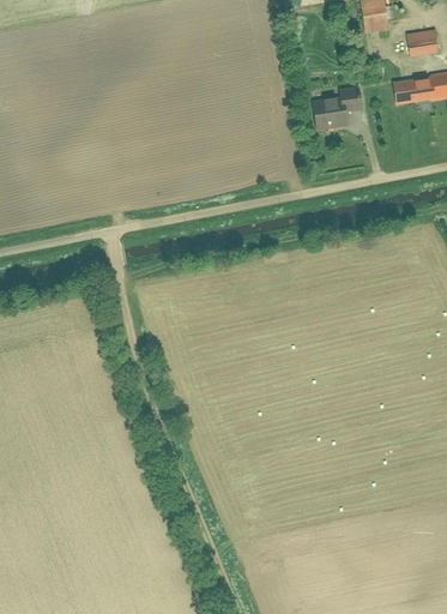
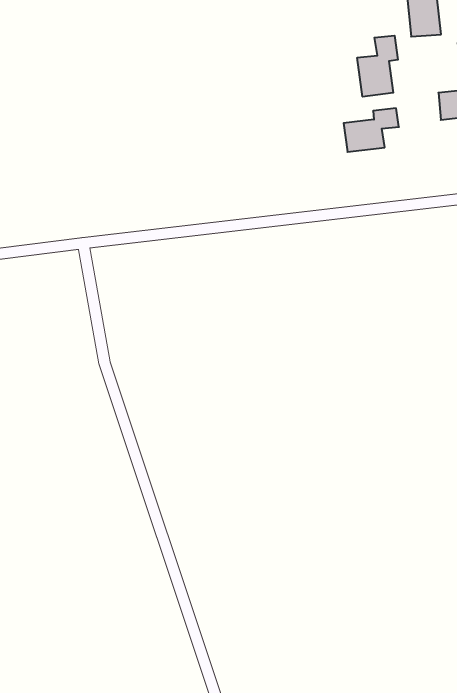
building: none -> [357,36,398,97]

